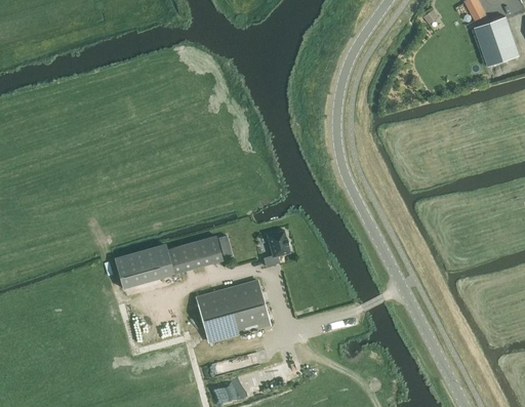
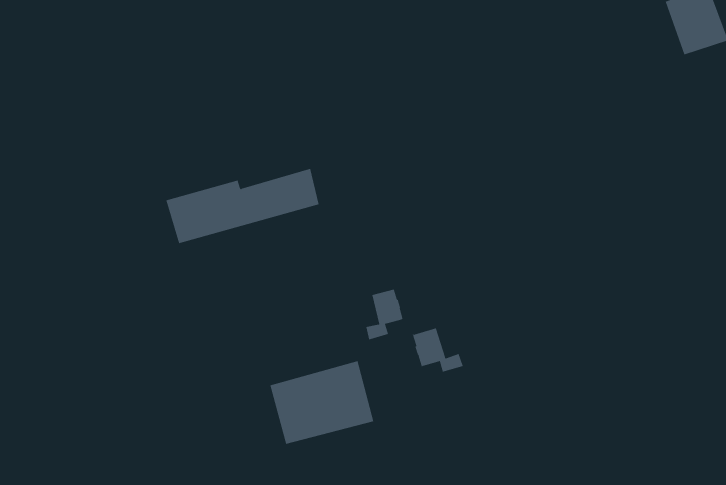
building: [114,236,223,289] -> [165,168,319,244]
building: none -> [412,327,463,373]

